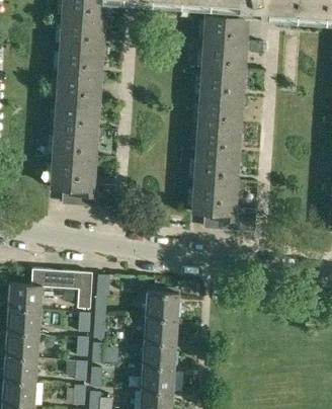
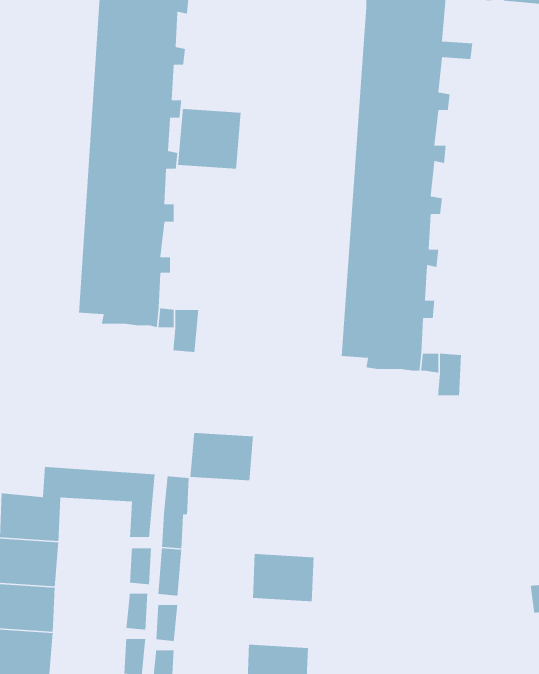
building: none -> [177,108,241,169]
building: [145,291,179,317] -> [190,432,254,481]
building: [142,339,176,365] -> none

